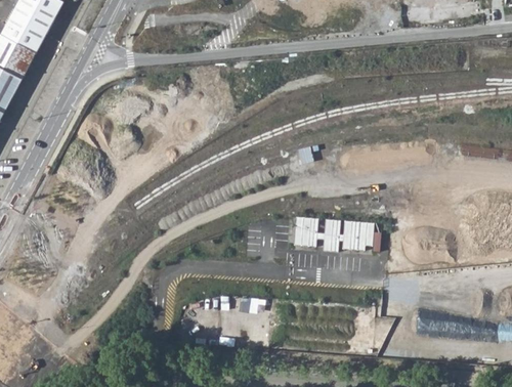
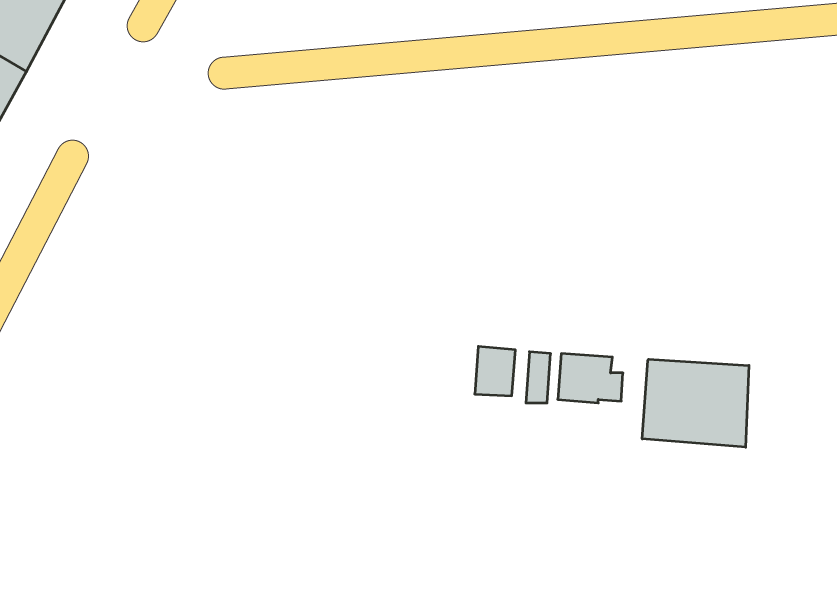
building: none -> [642,359,749,447]

